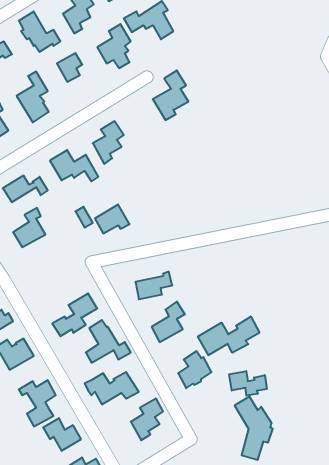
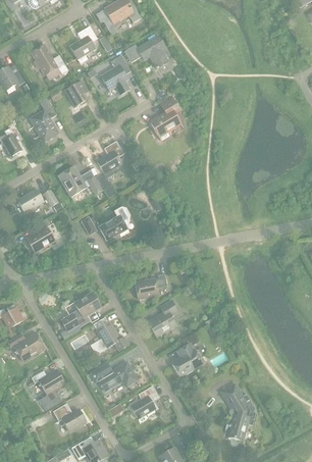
building: [198,316,259,355] -> none
building: [229,371,267,396] -> none

